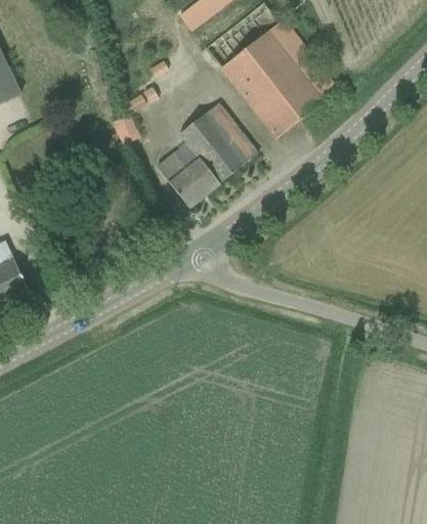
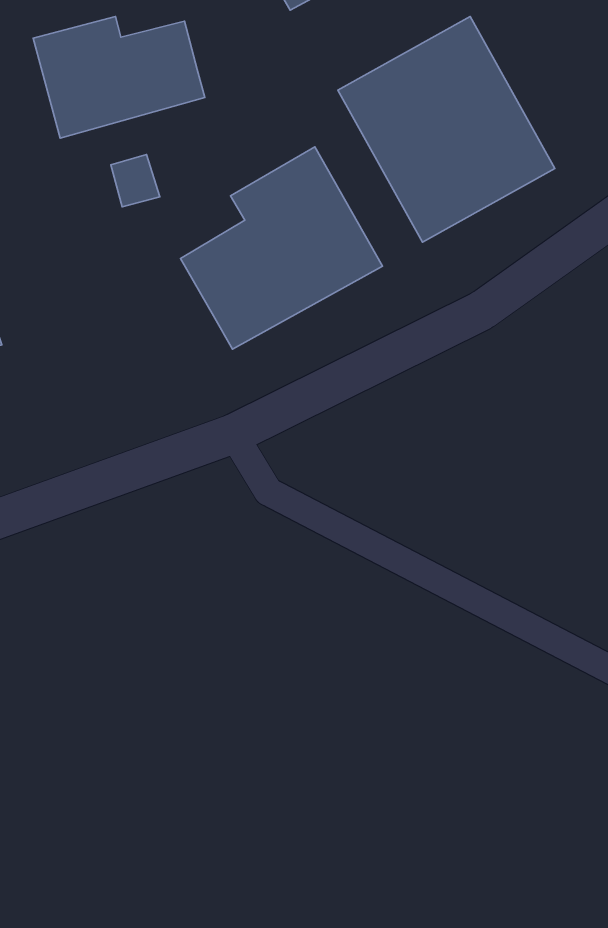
building: none -> [33,17,205,138]

